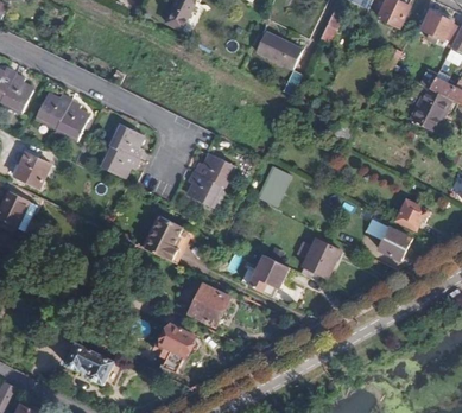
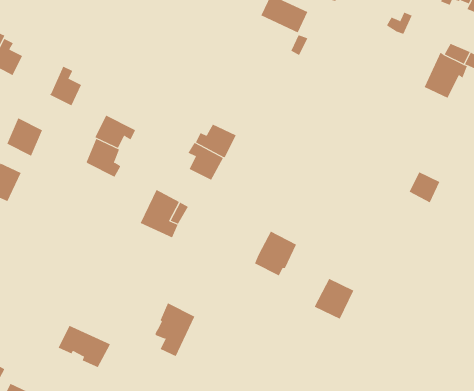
building: [36,93,70,126] -> none
building: [108,122,141,159] -> [86,138,121,177]
building: [254,164,291,205] -> none
building: [379,227,411,260] -> none
building: [302,239,340,278] -> [314,278,354,320]
building: [190,284,229,324] -> none

